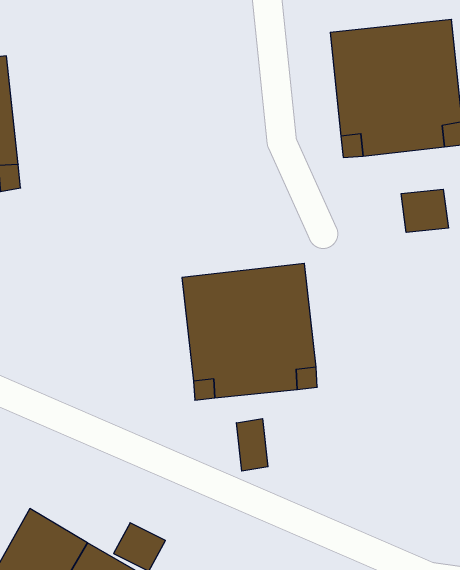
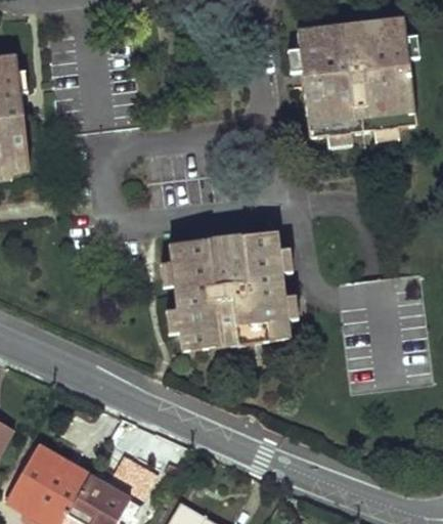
building: [401,189,448,232] -> none
building: [236,419,268,471] -> none

